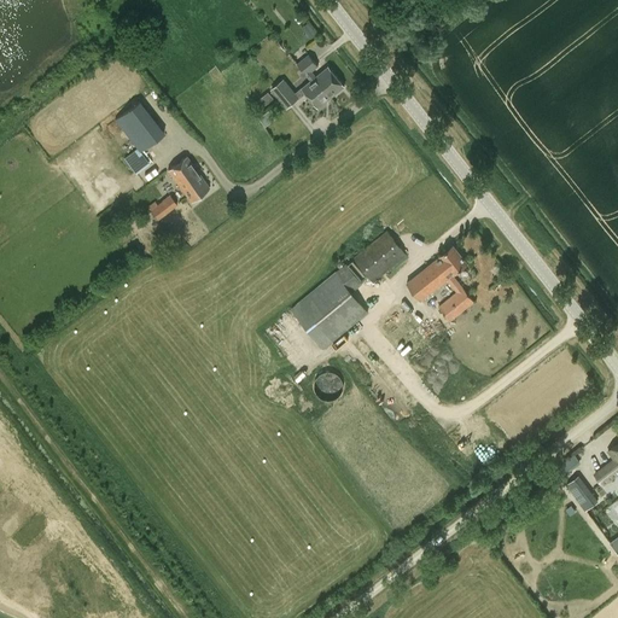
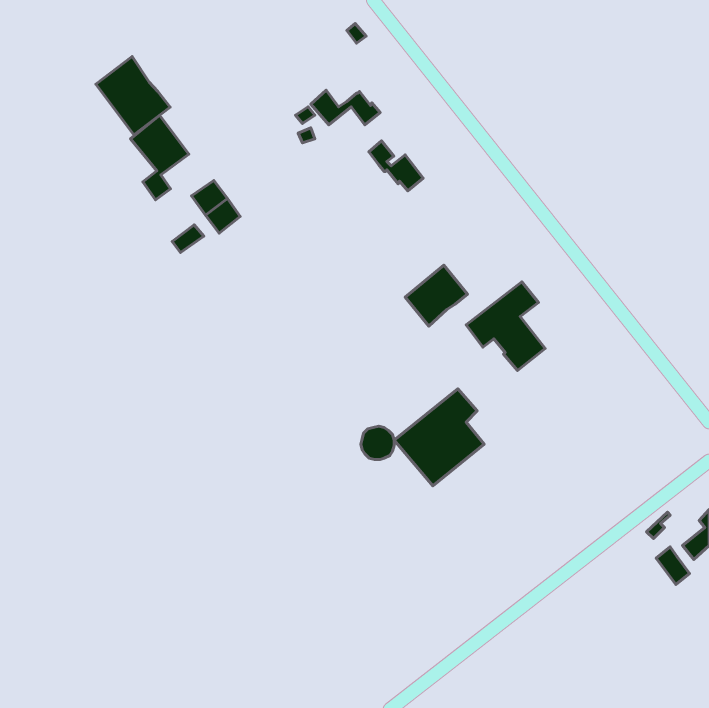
building: none -> [96,57,170,135]
building: [297,56,344,99] -> [369,141,423,191]
building: [290,266,368,350] -> [394,389,484,486]

